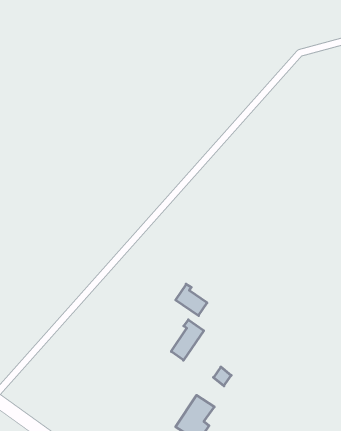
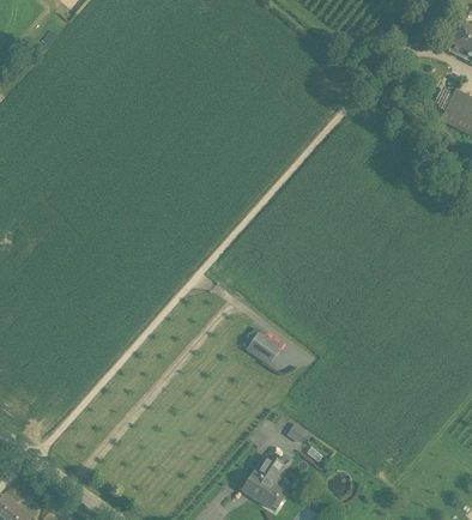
building: [171,320,204,360] -> none

